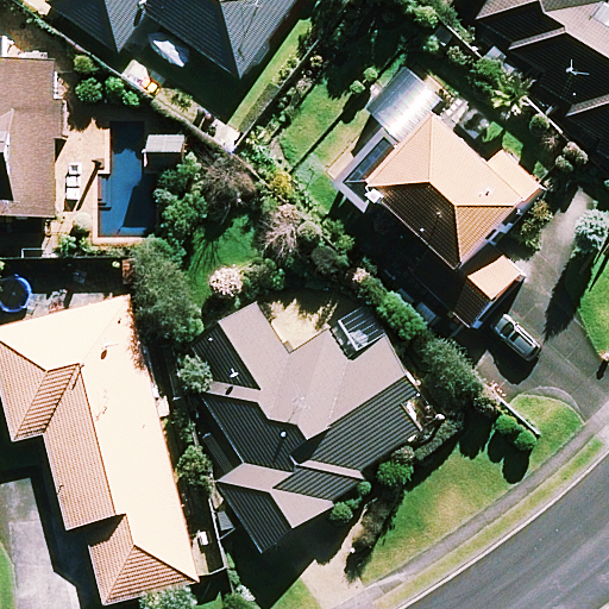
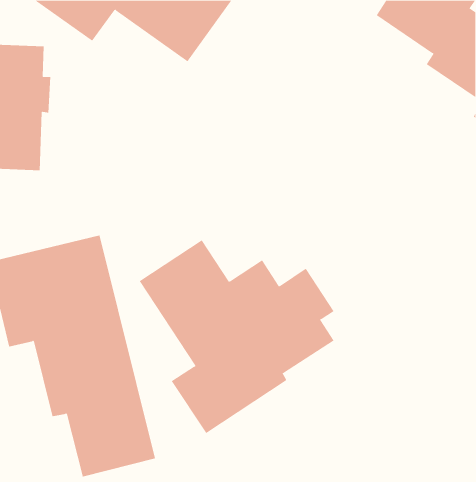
building: [332,106,536,325] -> none

